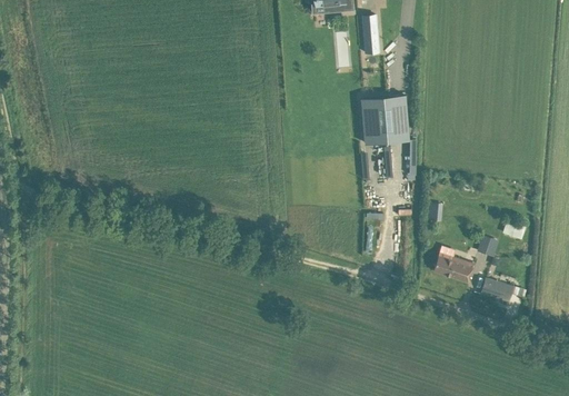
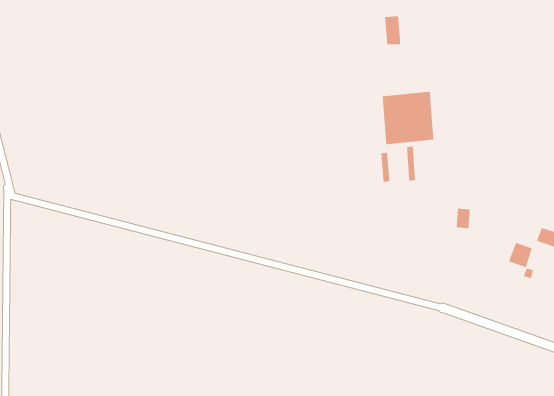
building: [433,256,473,281] -> none
building: [475,277,513,303] -> none

